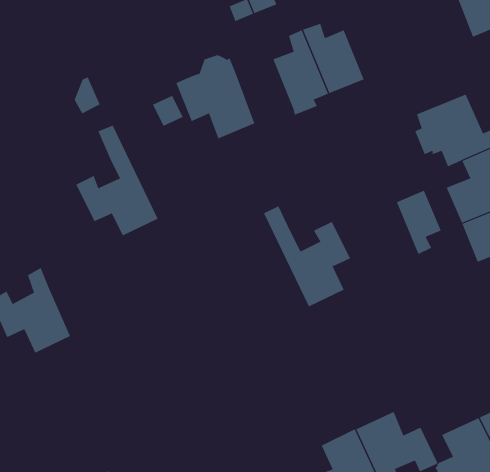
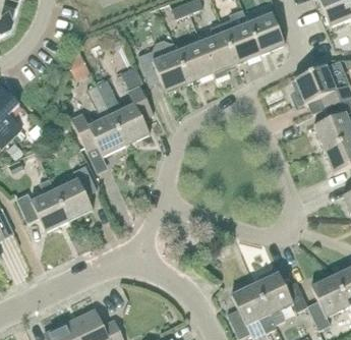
building: none -> [247,13,285,55]
building: none -> [177,42,214,83]
building: [396,190,441,255] -> none
building: [263,205,351,307] -> [97,79,154,146]
building: none -> [55,166,97,222]

